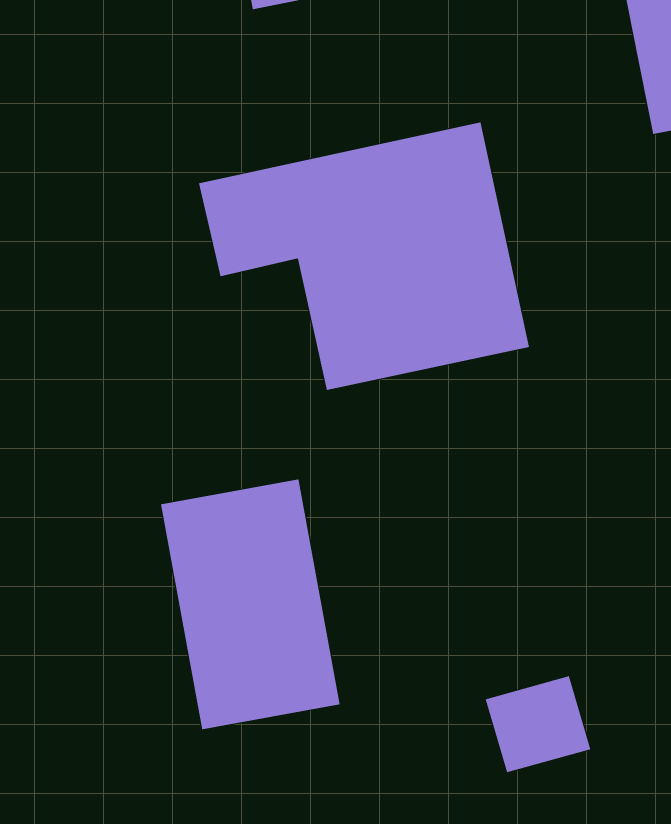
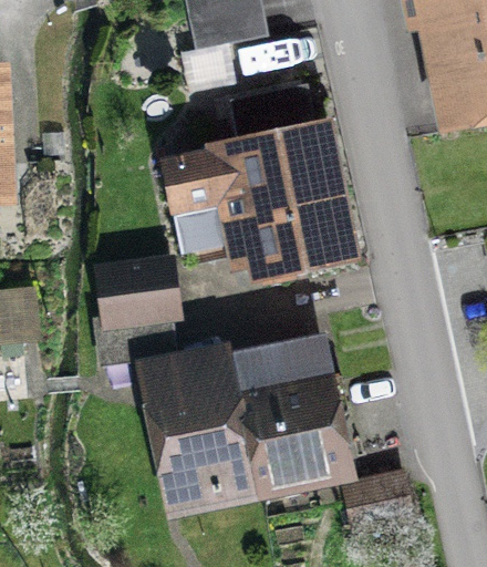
building: none -> [92,258,177,328]
building: none -> [224,326,348,483]

